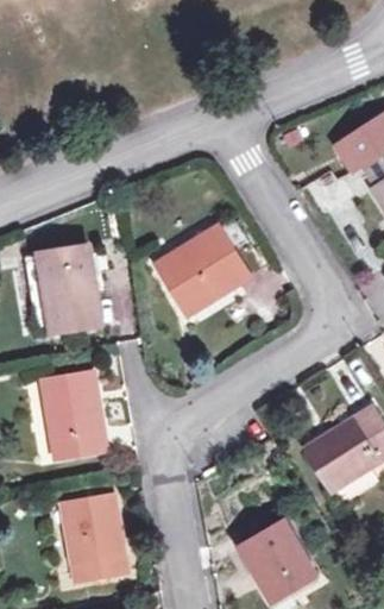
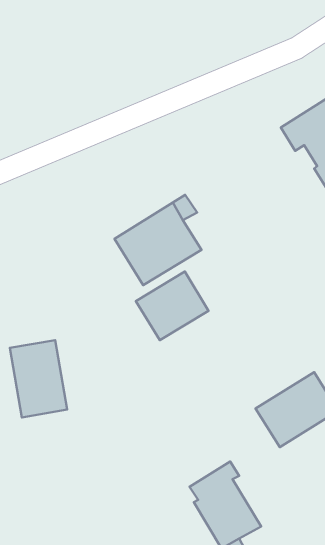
building: [39,249,102,332] -> none
building: none -> [136,272,209,340]
building: [64,498,126,579] -> none

